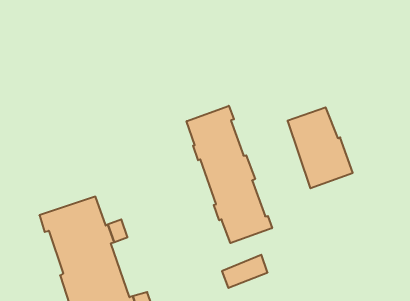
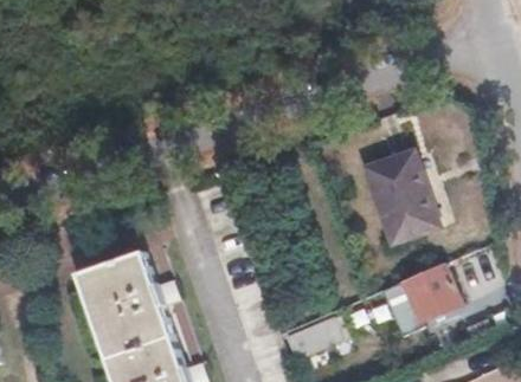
building: [187,106,272,243] -> none
building: none -> [377,263,456,322]

